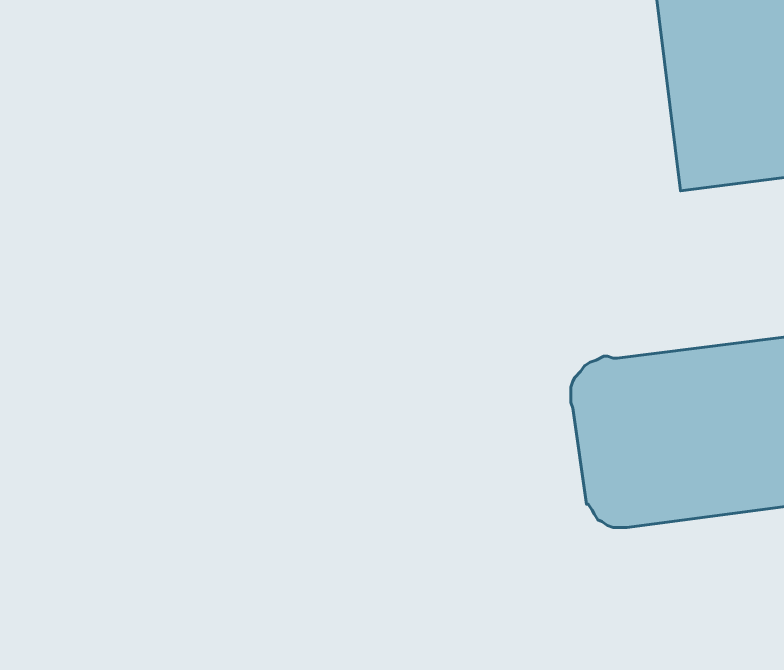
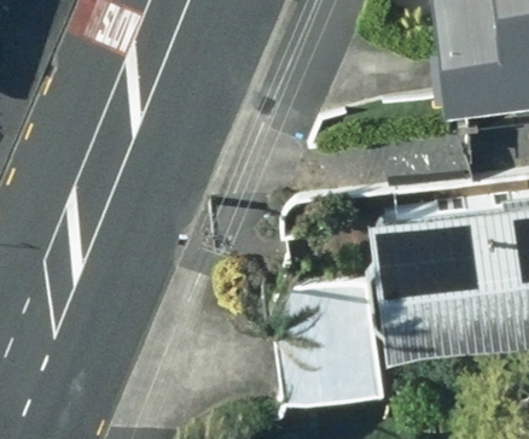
building: none -> [275,291,383,404]

